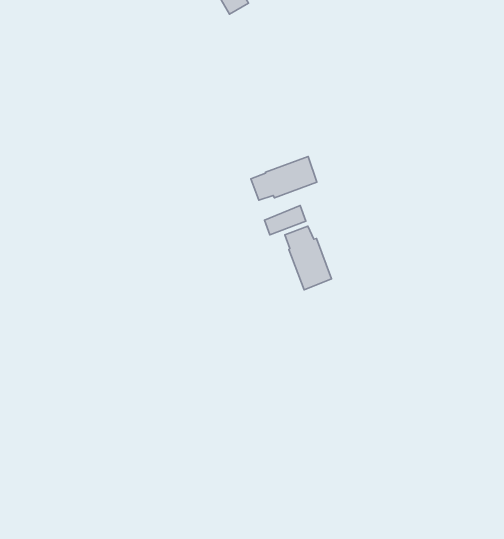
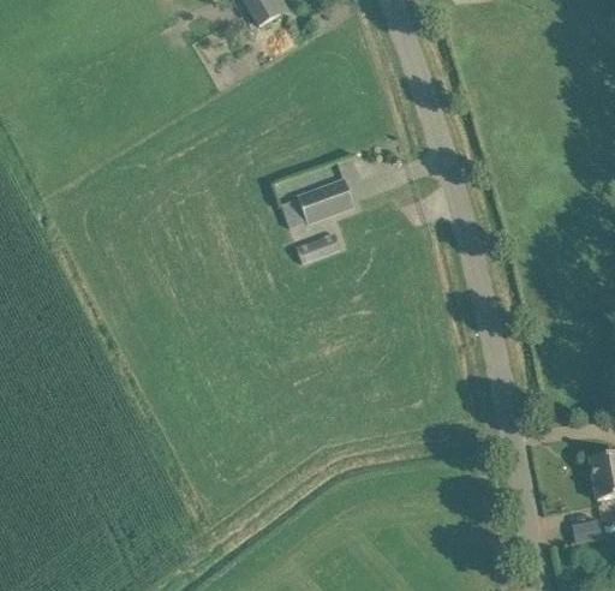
building: [285,226,332,290] -> none

